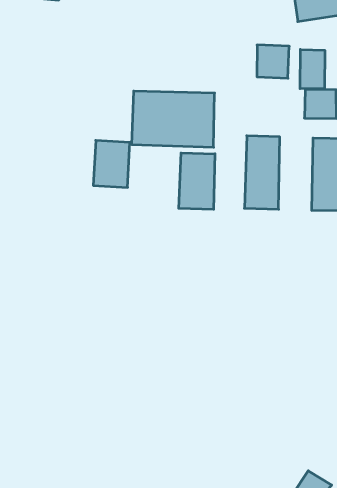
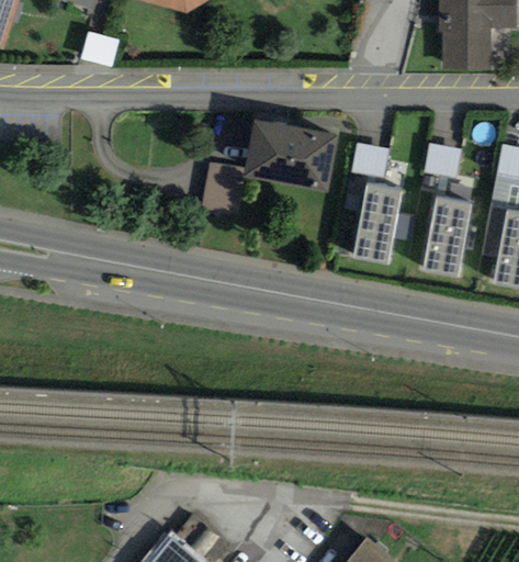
building: [257,45,289,78] -> [354,142,393,181]
building: [300,49,325,89] -> none
building: [179,153,215,209] -> none

